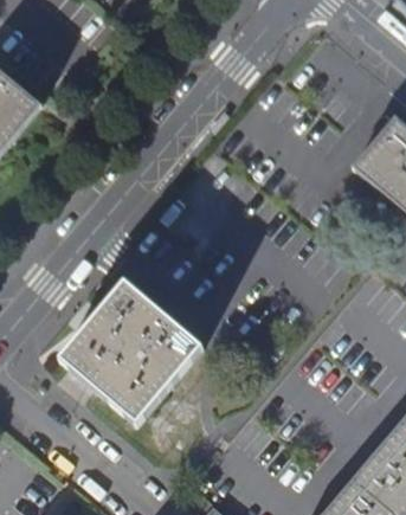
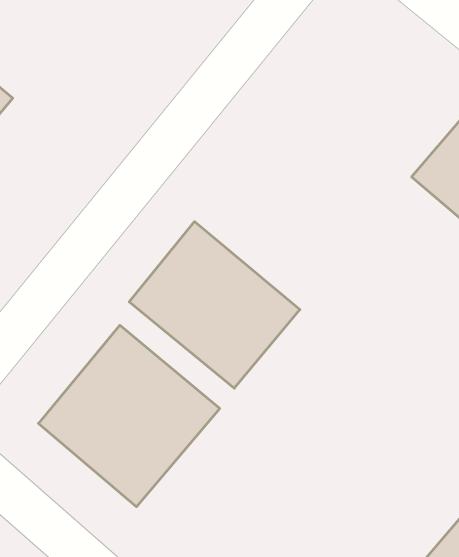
building: none -> [129,222,300,388]

